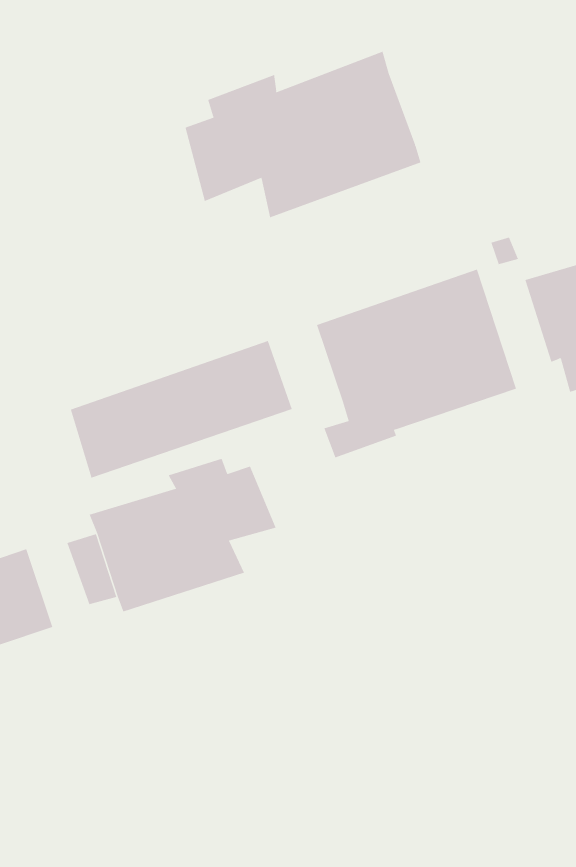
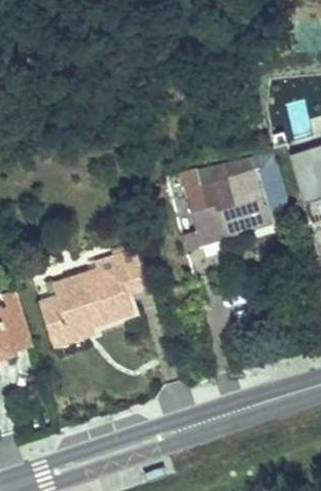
building: [185,51,421,218] -> none
building: [70,340,292,478] -> none

